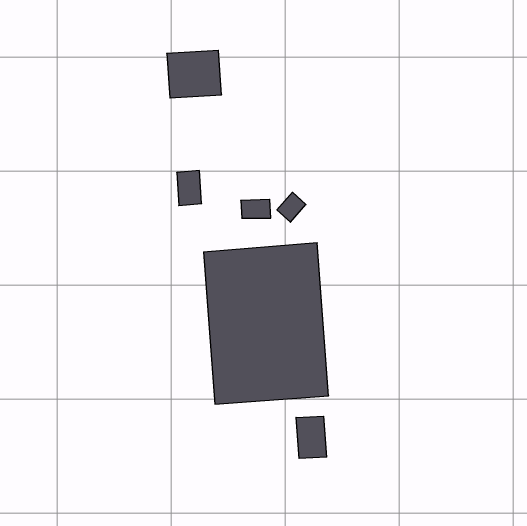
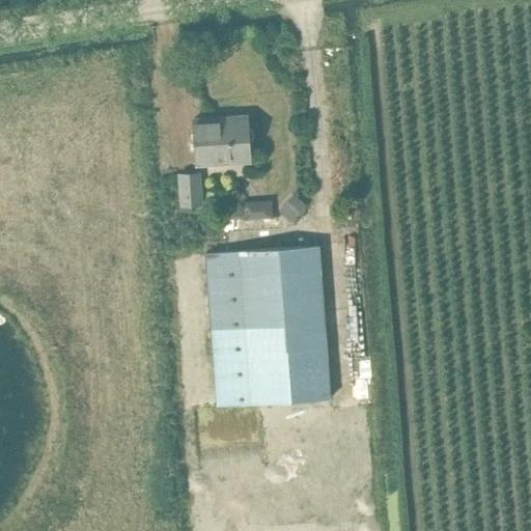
building: [167,50,222,98] -> [195,118,250,166]
building: [296,416,327,458] -> none

